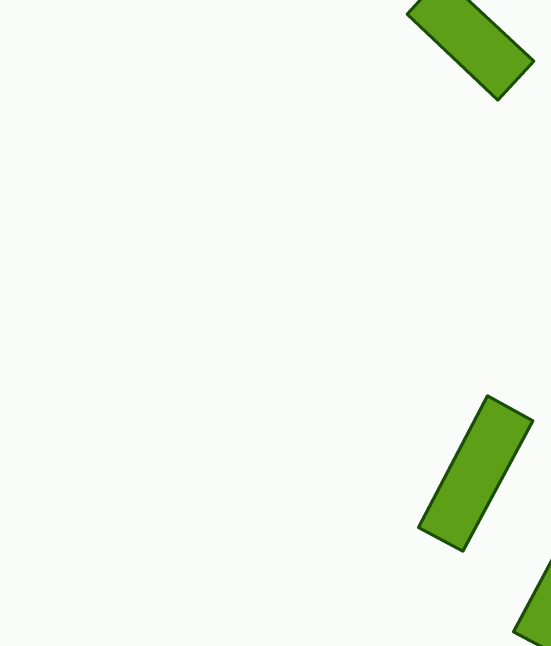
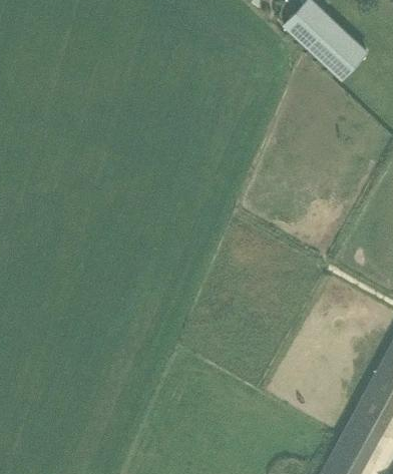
building: [419,396,533,551] -> none

